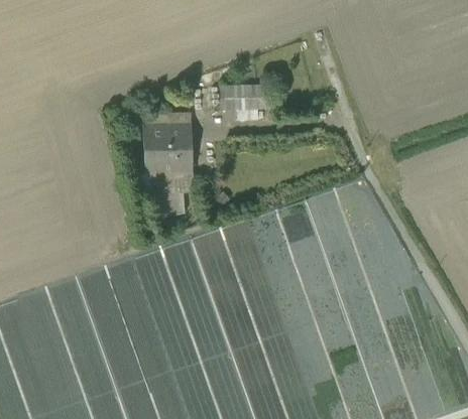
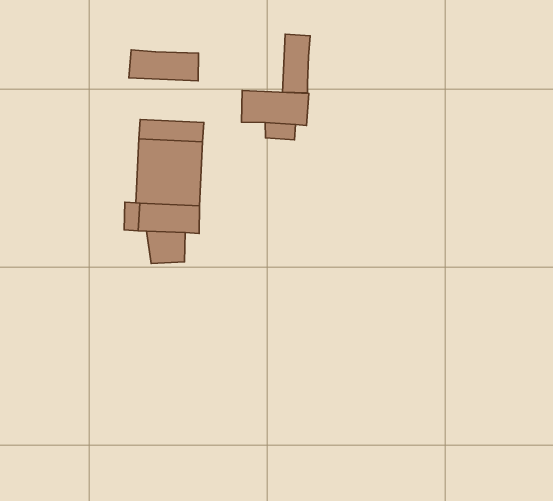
building: none -> [283,34,310,93]
building: none -> [129,50,199,81]

